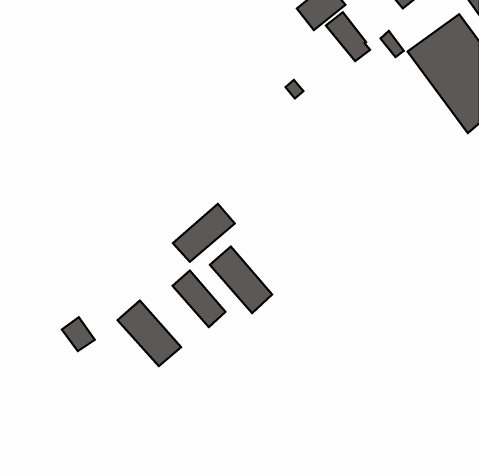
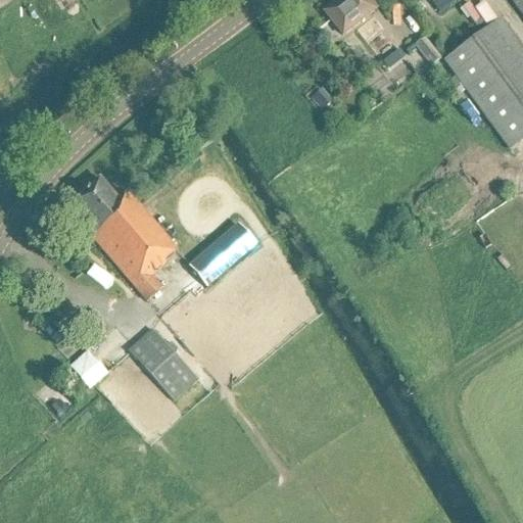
building: none -> [70,176,177,298]
building: [210,246,272,313] -> none
building: [173,271,225,327] -> none

